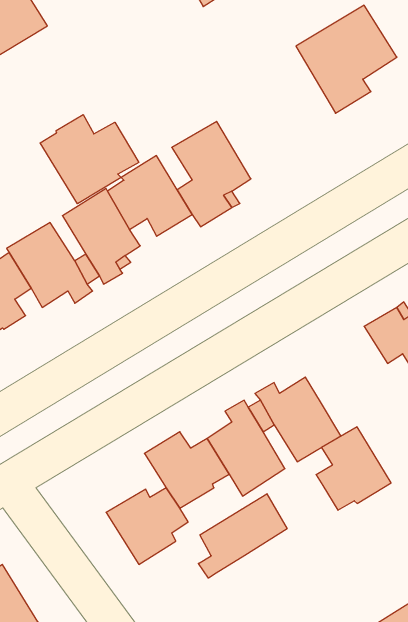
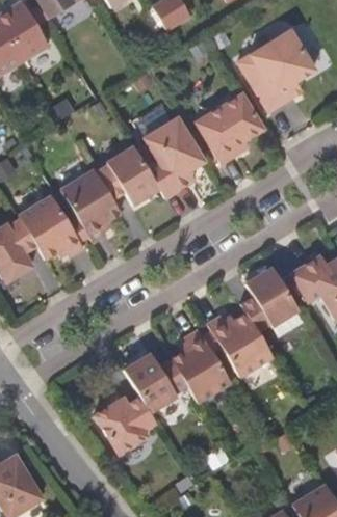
building: none -> [195,93,264,164]
building: [40,115,139,204] -> none
building: [316,427,391,510] -> [240,268,297,331]
building: [198,494,287,578] -> none

